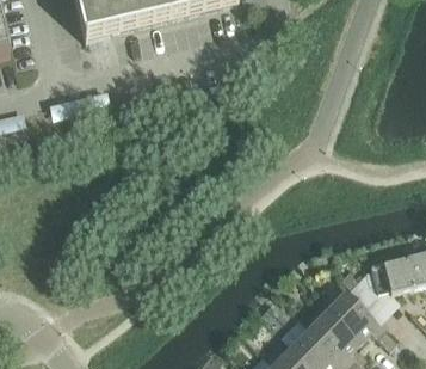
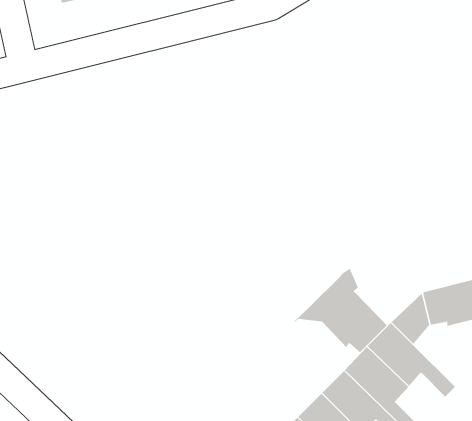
building: none -> [294,268,387,353]

